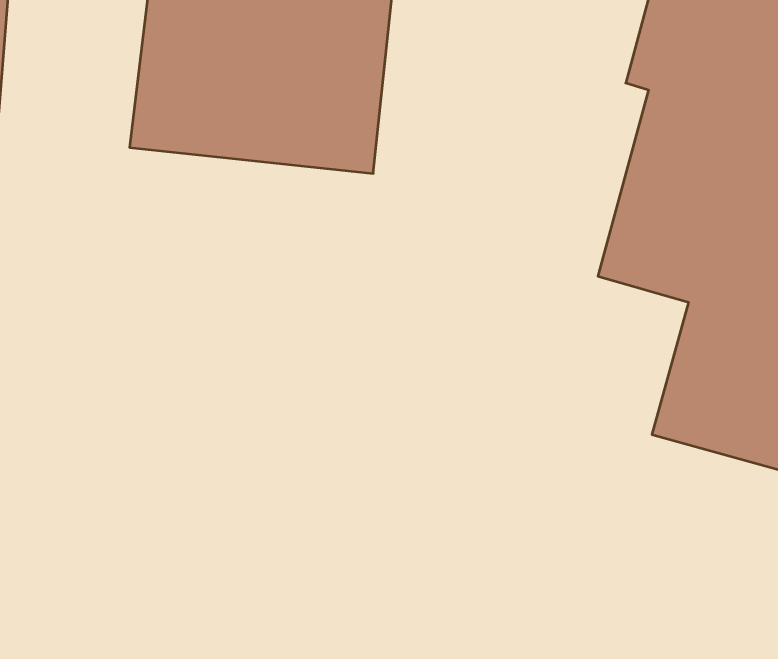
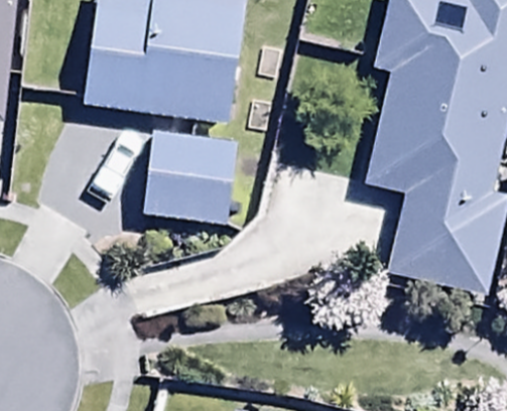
building: none -> [140,130,243,234]

